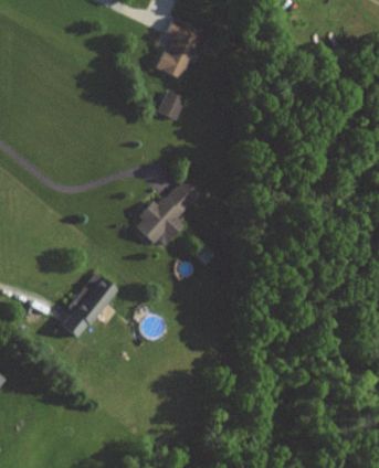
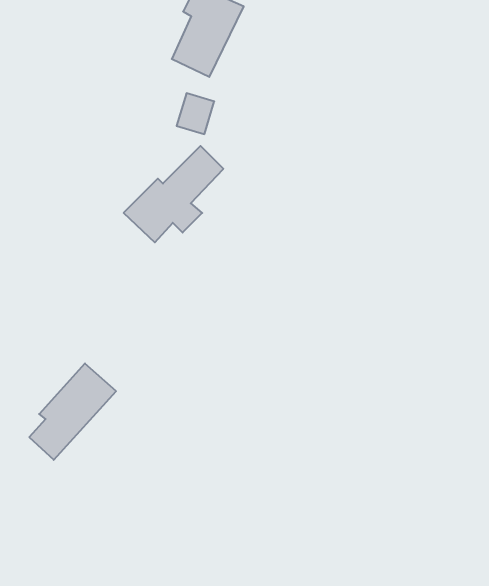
building: [130,180,198,245] -> [124,146,223,242]

